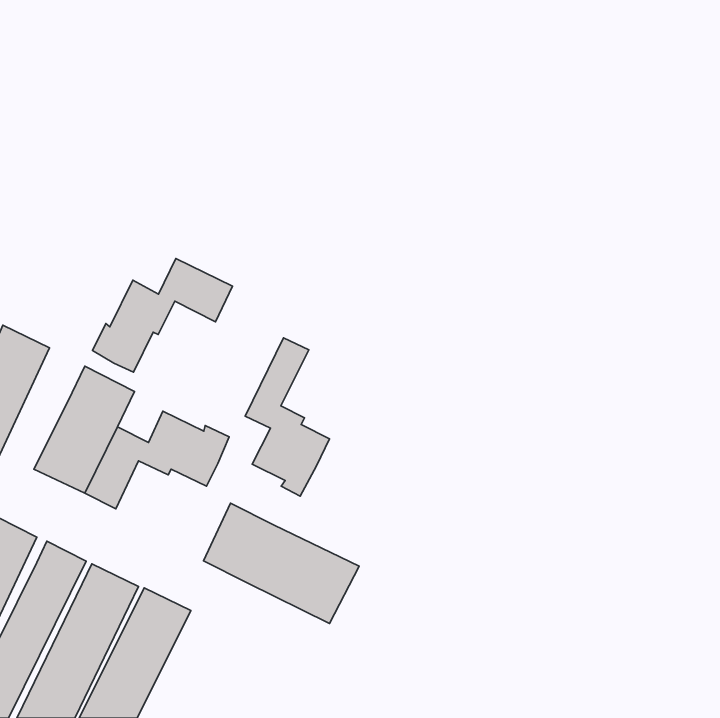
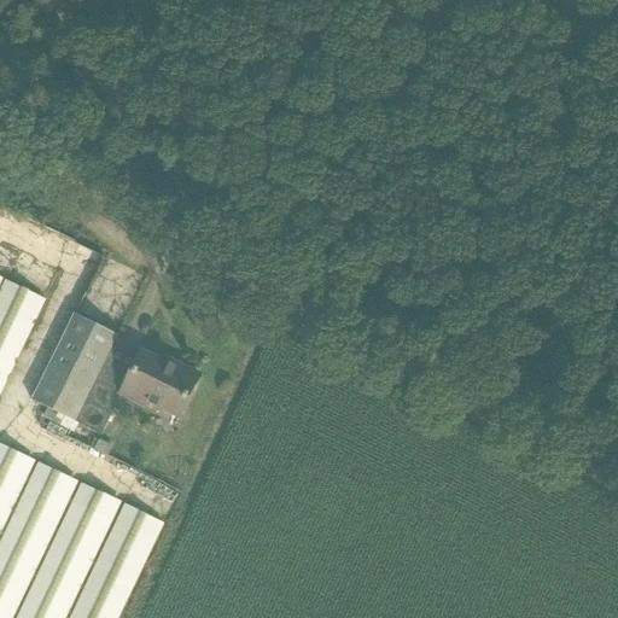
building: [92,258,233,372] -> none
building: [245,338,330,496] -> none
building: [203,503,359,623] -> none

